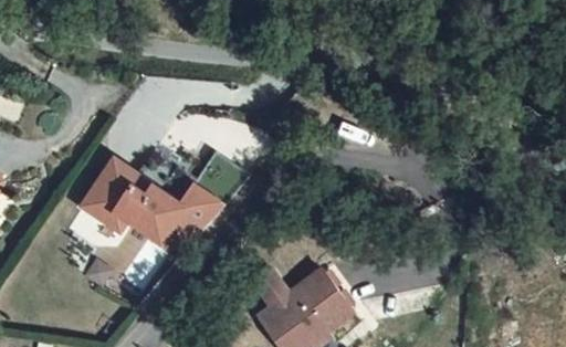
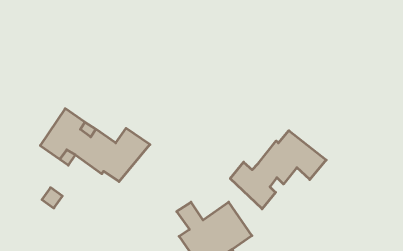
building: none -> [230,131,326,209]

